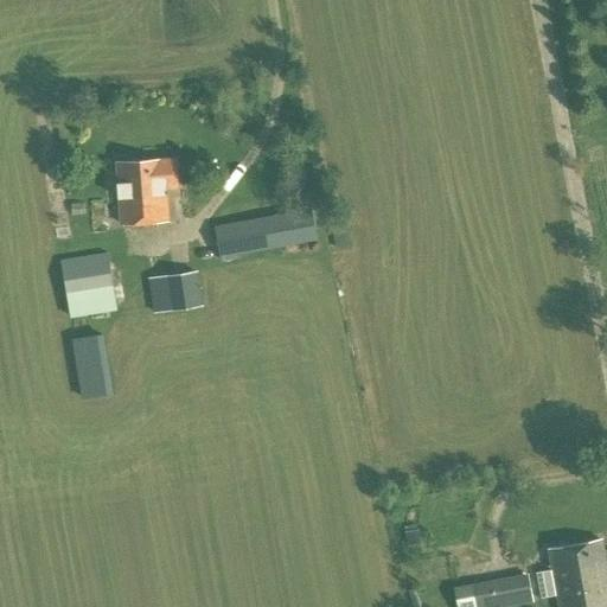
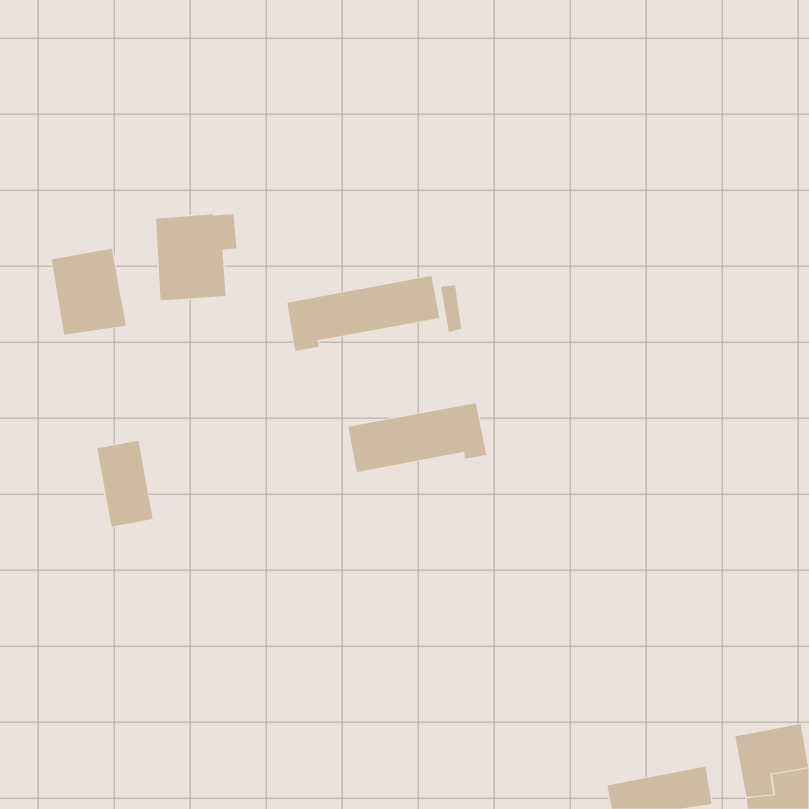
building: [60,253,117,318] -> [51,248,127,335]
building: [147,271,203,313] -> none
building: none -> [348,403,487,473]

